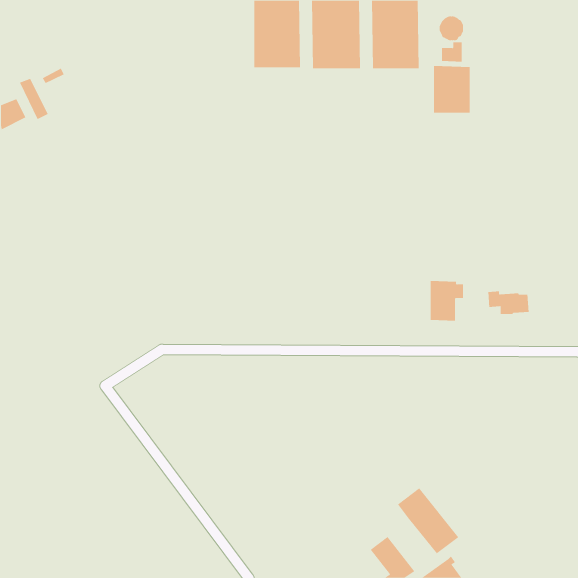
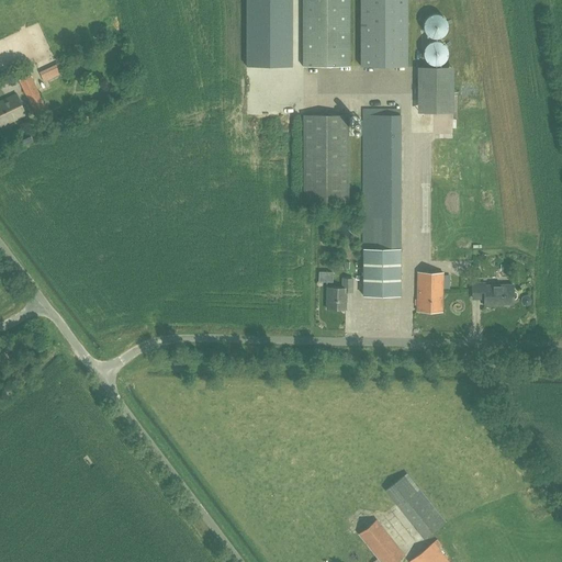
building: none -> [363,109,402,296]
building: none -> [304,115,348,203]
building: none -> [327,279,352,310]

